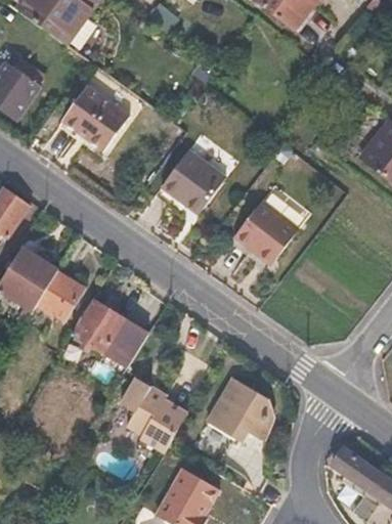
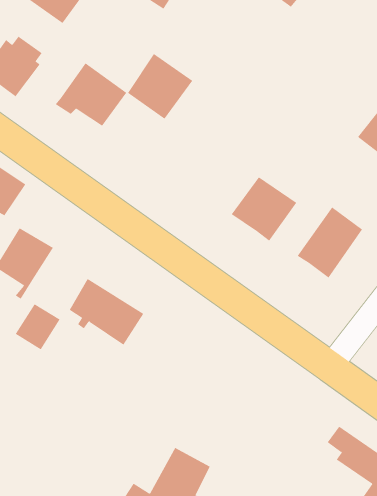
building: [164,146,230,213] -> [127,53,193,119]
building: none -> [297,206,363,279]
building: [37,270,83,317] -> [15,303,61,350]
building: [116,375,181,449] -> none
building: [204,379,272,444] -> none

